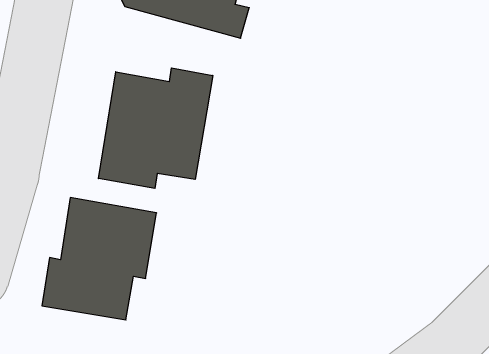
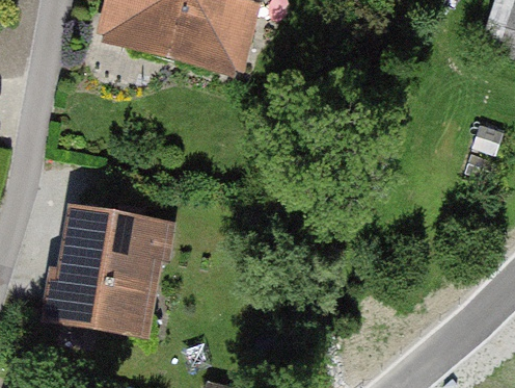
building: [98,68,213,188] -> none

